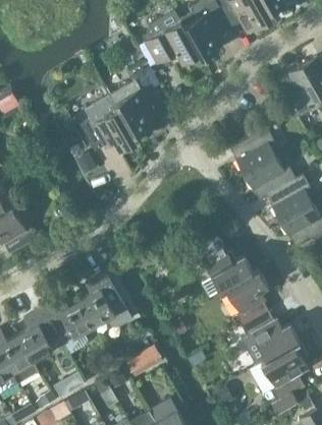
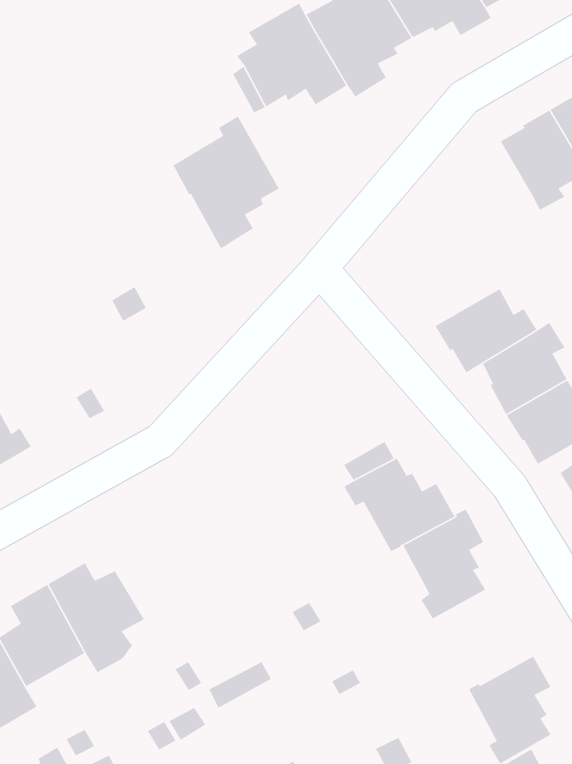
building: [79,108,137,150] -> none
building: [229,126,276,175] -> none
building: [78,271,131,325] -> none
building: [242,310,300,359] -> none

